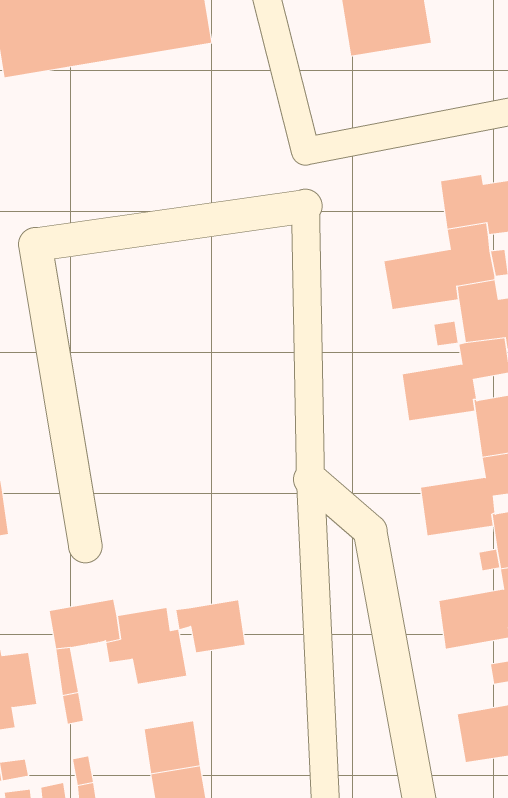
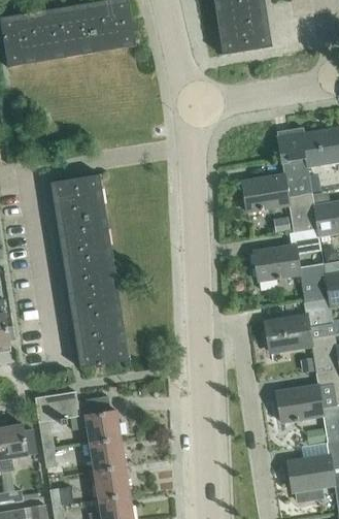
building: none -> [49,173,130,367]
building: [175,600,245,653] -> [81,437,125,471]

